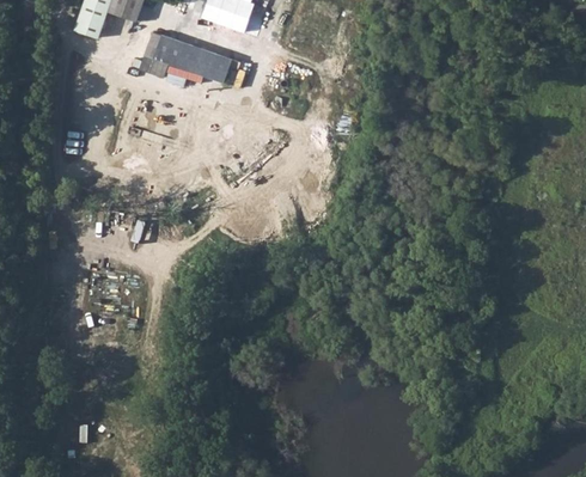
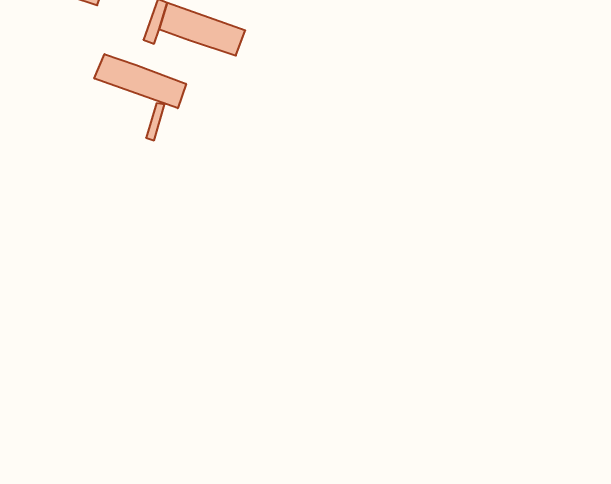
building: none -> [94,54,186,108]

